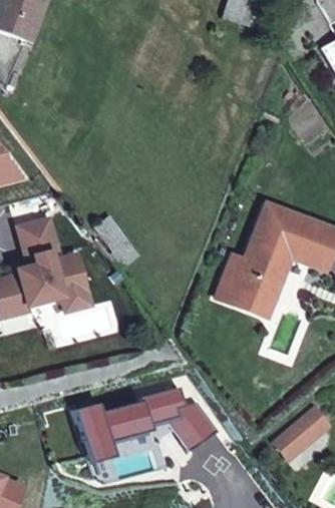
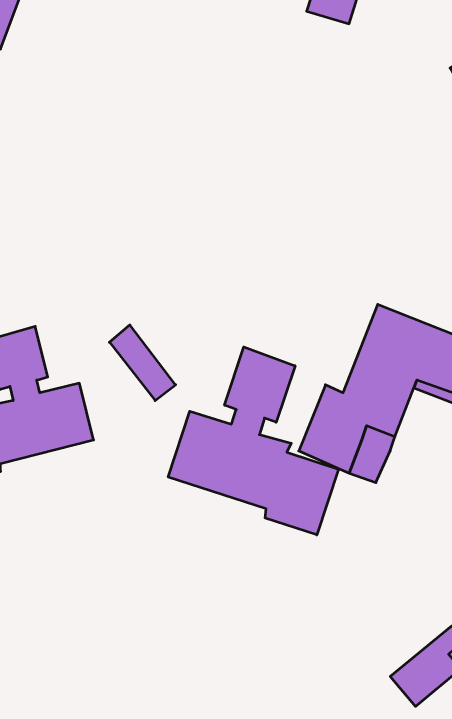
building: none -> [168,347,338,535]
building: [73,386,219,463] -> none

